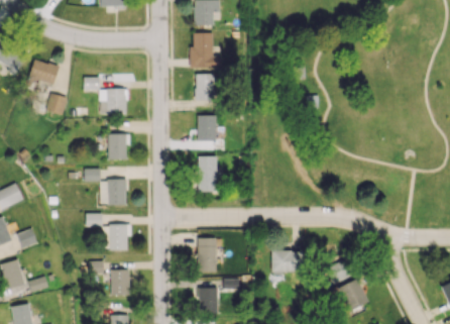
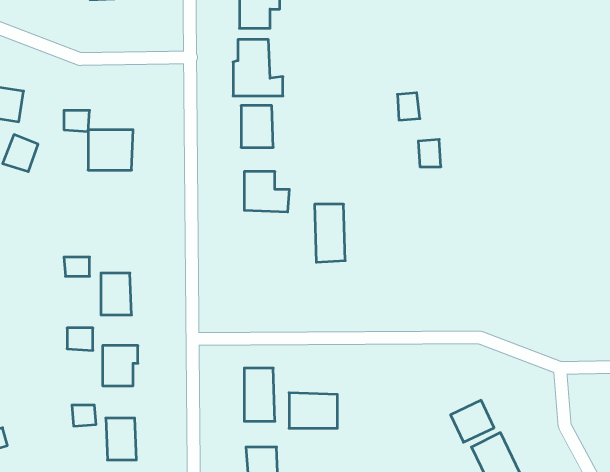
building: [108,133,130,159] -> none
building: [198,156,217,193] -> [315,204,345,262]
building: [271,250,302,273] -> [289,393,337,428]

